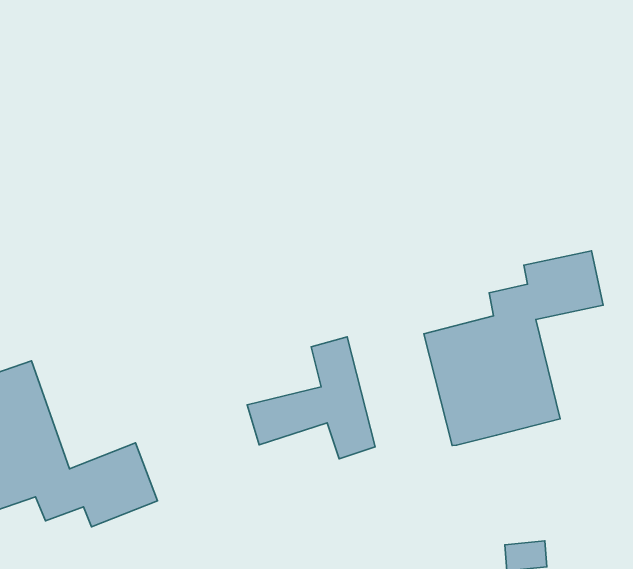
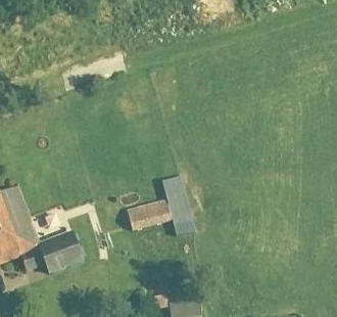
building: [424,251,603,446] -> none

